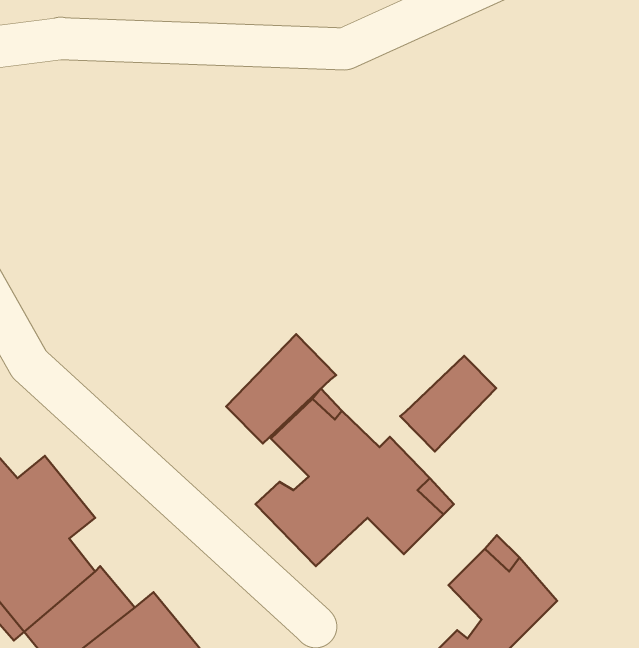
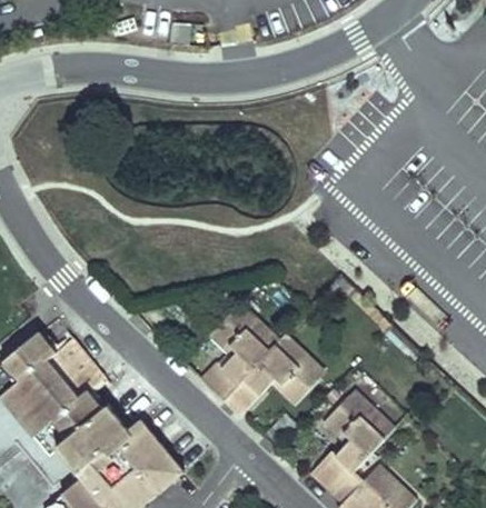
building: [226,334,336,444] -> none
building: [400,356,496,452] -> none

